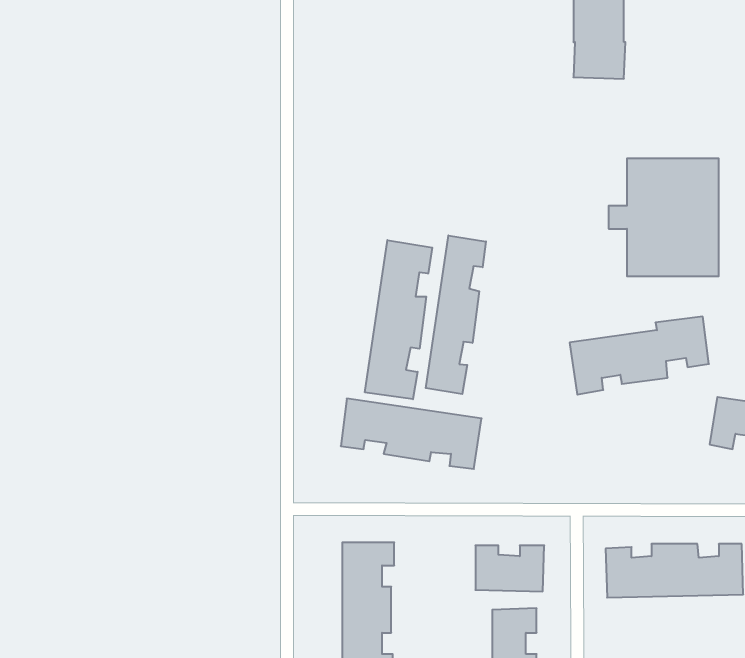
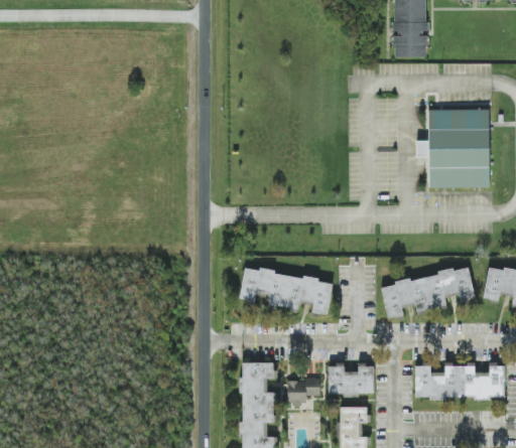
building: [426,235,486,394] -> none
building: [365,240,432,399] -> none
building: [570,317,709,395] -> [382,267,474,318]
building: none -> [288,380,320,404]

